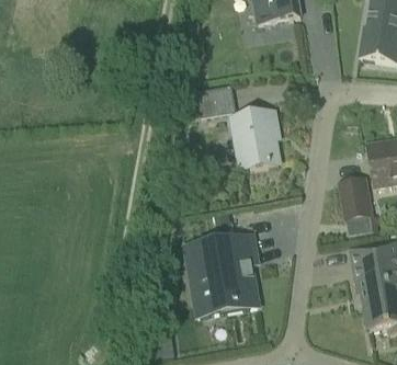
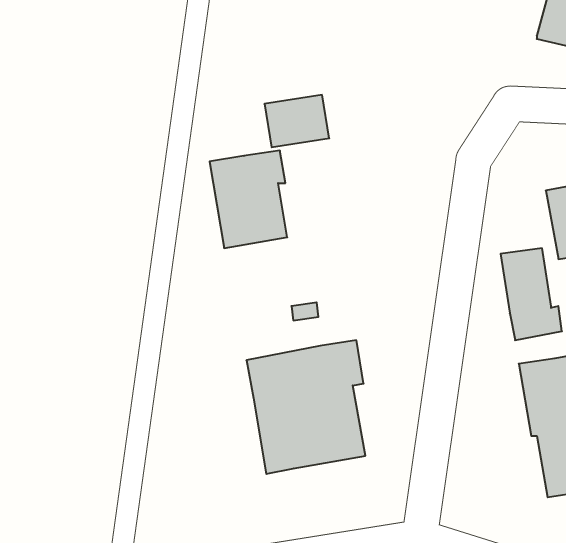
building: [230,110,277,169] -> [210,151,287,248]

